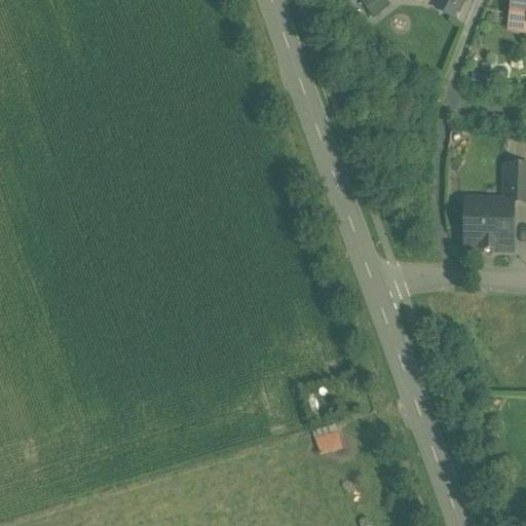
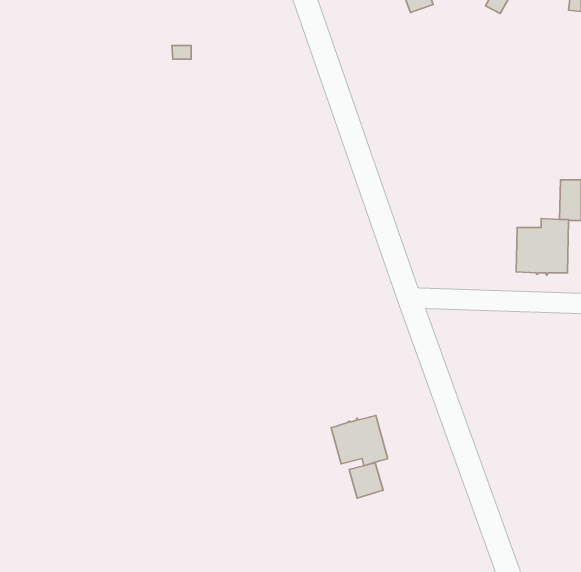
building: none -> [331,415,388,466]

